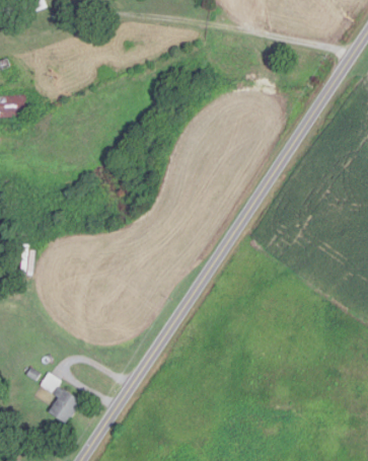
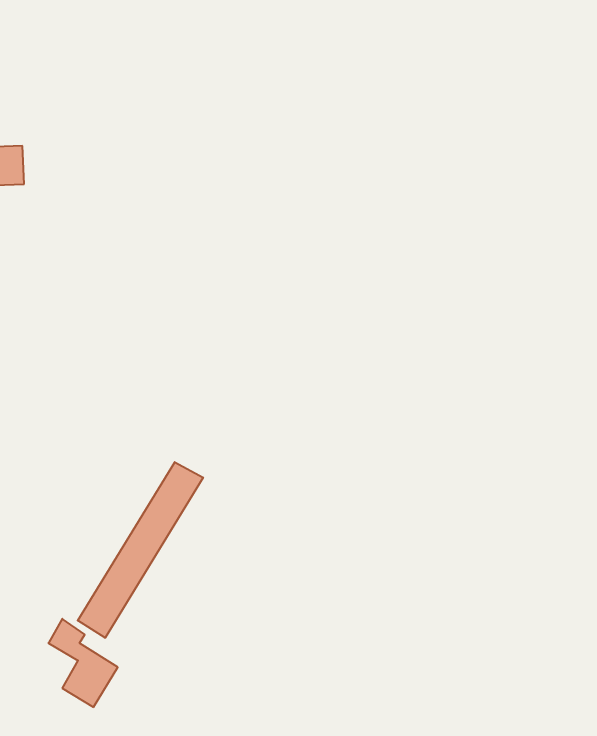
building: none -> [78,462,203,638]

